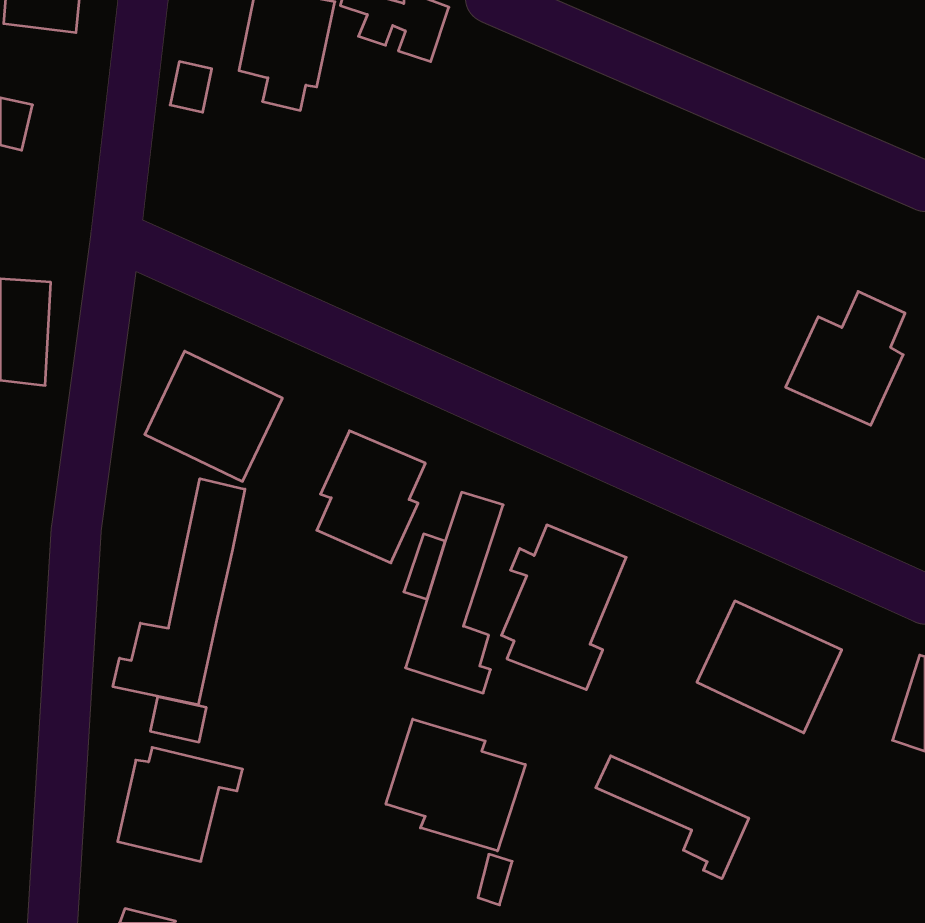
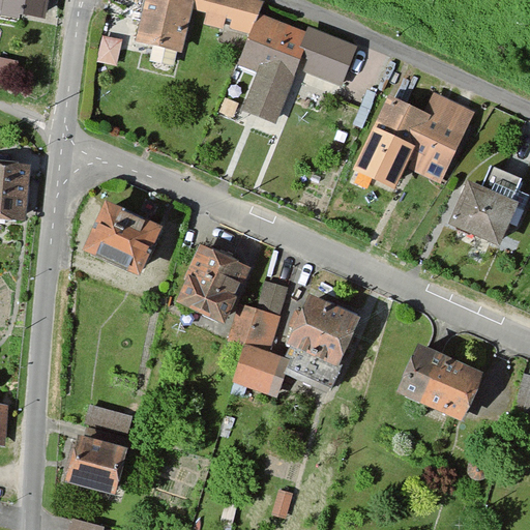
building: none -> [239,12,355,121]
building: none -> [355,70,492,188]
building: [113,479,245,705] -> none
building: [386,719,525,851] -> none
building: [596,756,749,879] -> none

